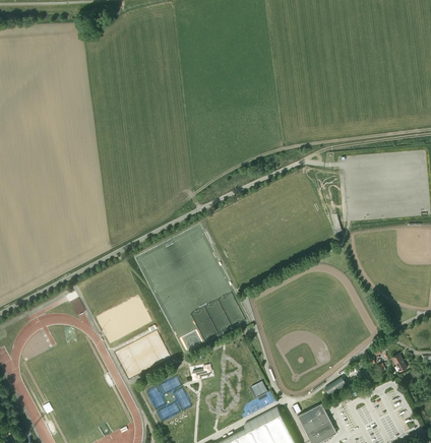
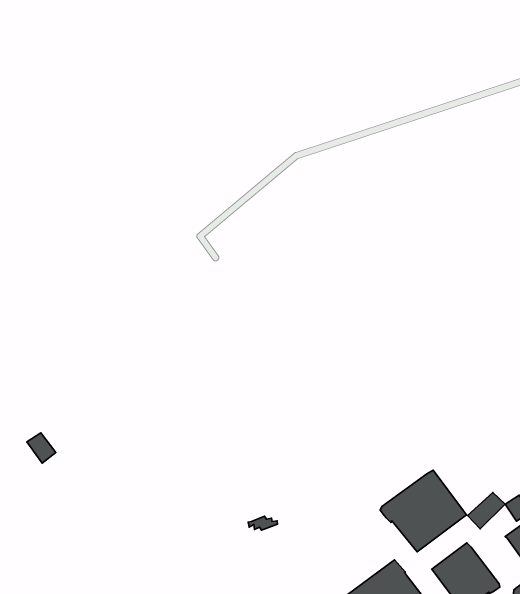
building: none -> [380,470,467,552]

